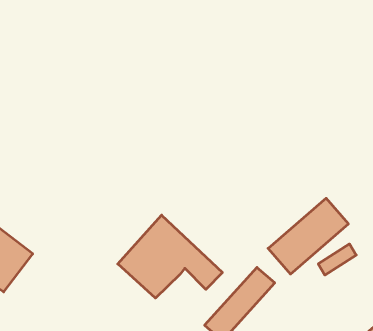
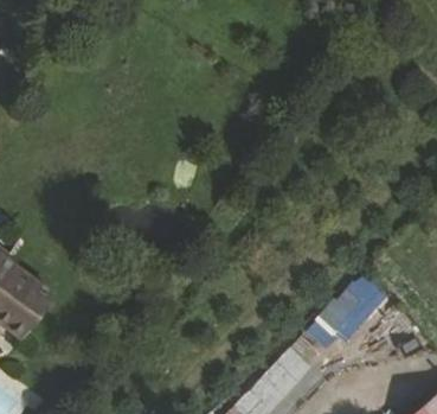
building: [118,215,222,298] -> none

